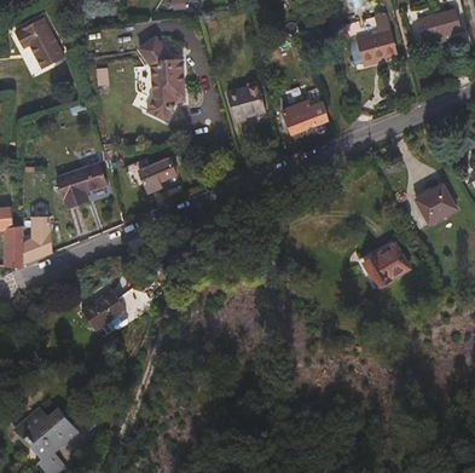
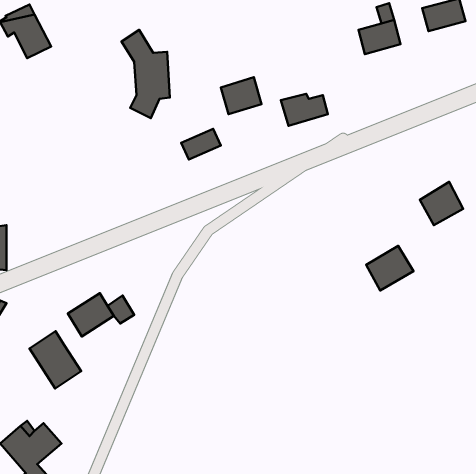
building: [56,163,106,208] -> none
building: [140,165,178,194] -> [181,129,221,159]
building: [23,215,52,264] -> none
building: none -> [29,331,81,389]

